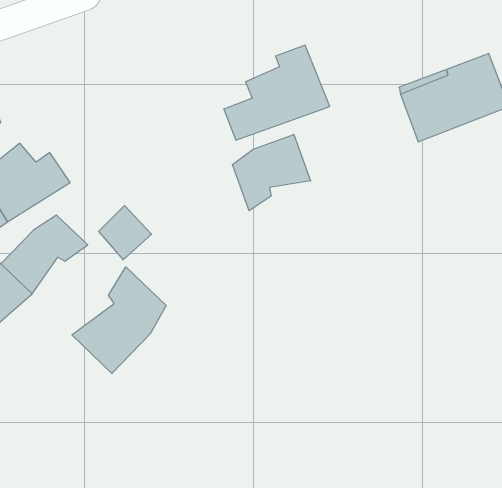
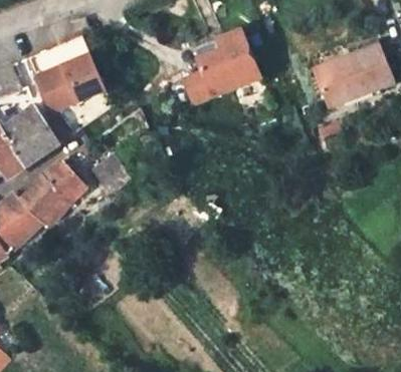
building: none -> [30,34,112,114]
building: [232,134,311,211] -> none
building: [72,267,166,374] -> none

